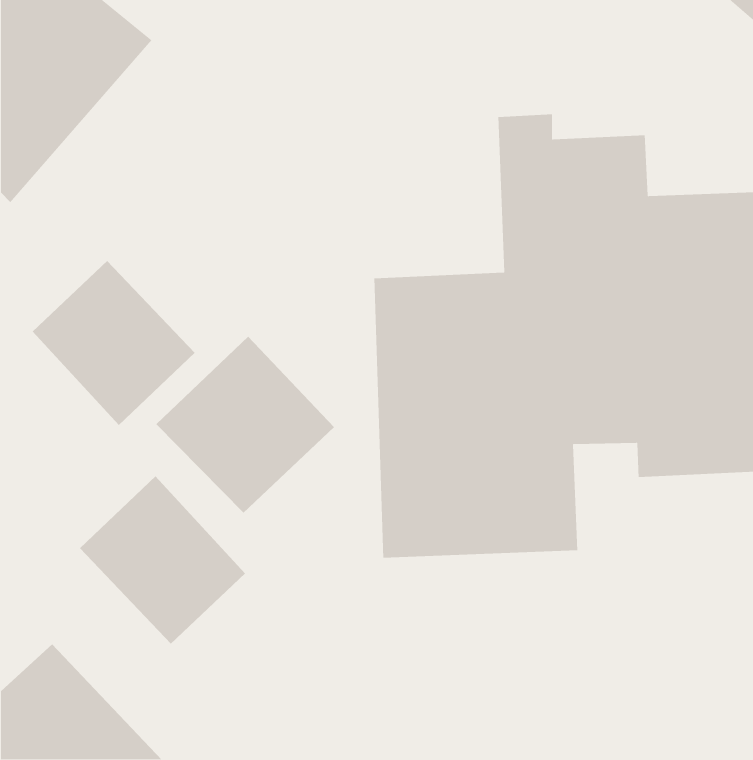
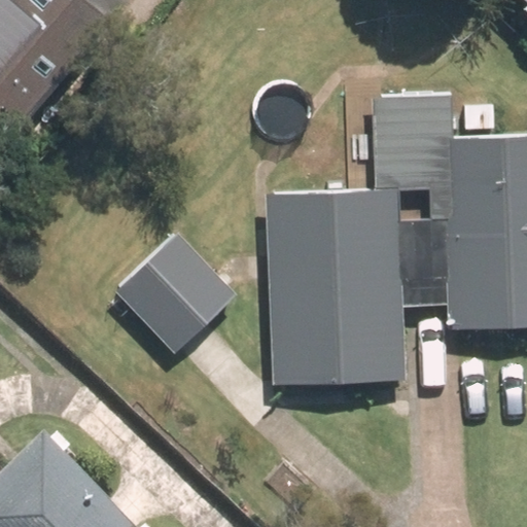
building: [32,260,195,426] -> none
building: [79,476,246,645] -> none

